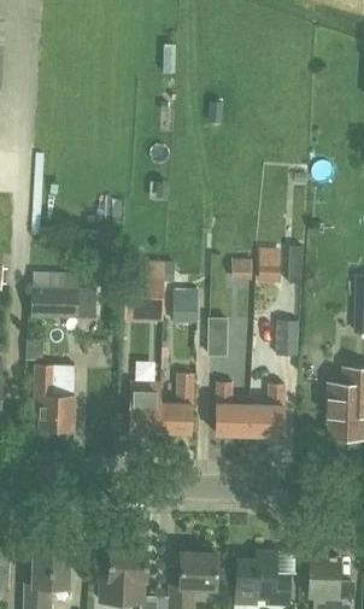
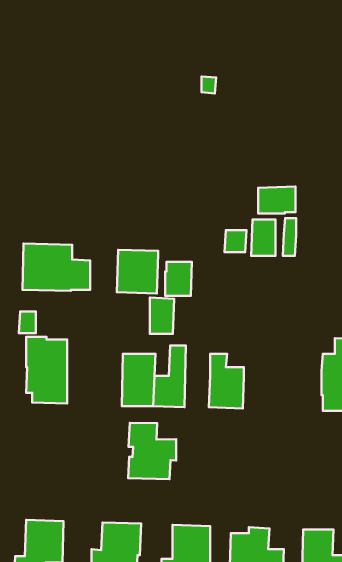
building: none -> [258,187,296,213]
building: [206,318,230,355] -> [150,298,174,334]
building: [274,321,298,358] -> none
building: [248,383,284,437] -> none
building: none -> [128,423,176,479]

